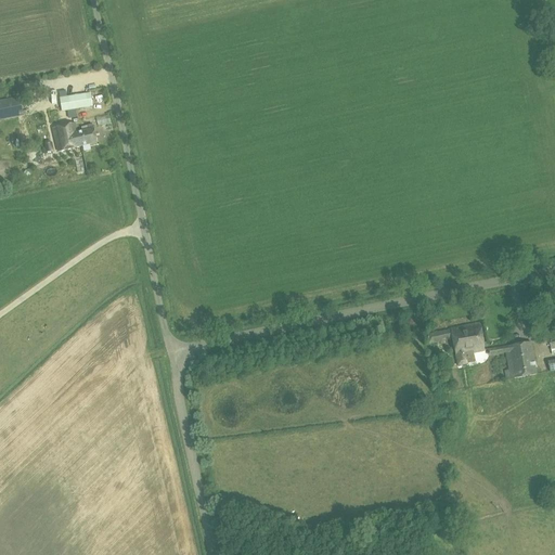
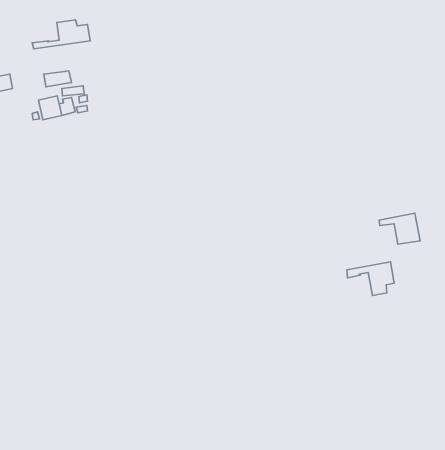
building: none -> [32,20,90,49]
building: [487,338,537,376] -> [379,213,420,244]

